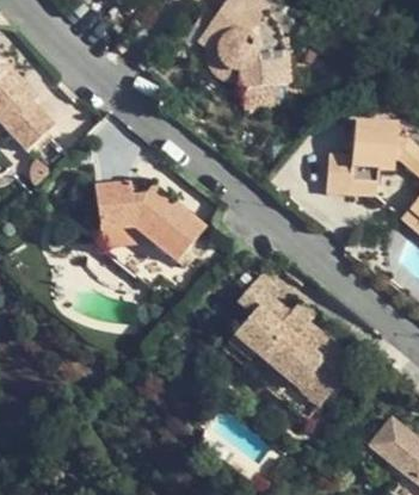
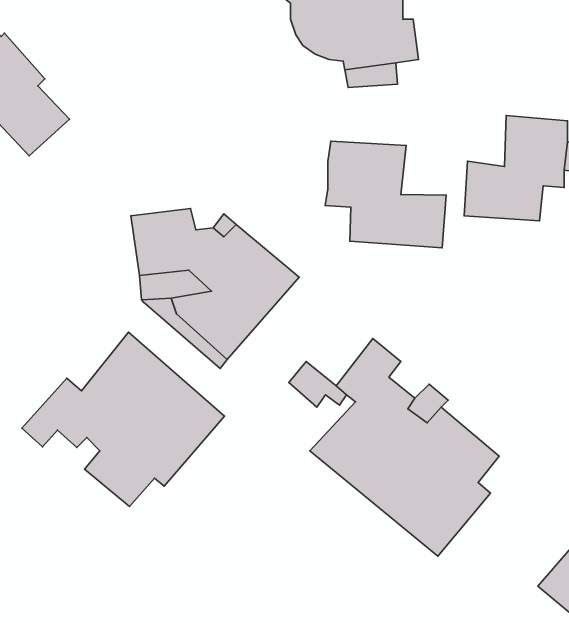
building: none -> [325,141,446,248]
building: none -> [22,332,225,506]

